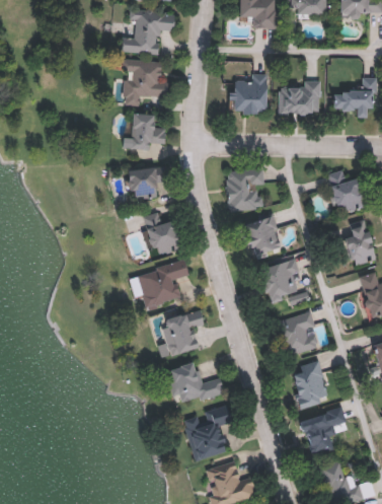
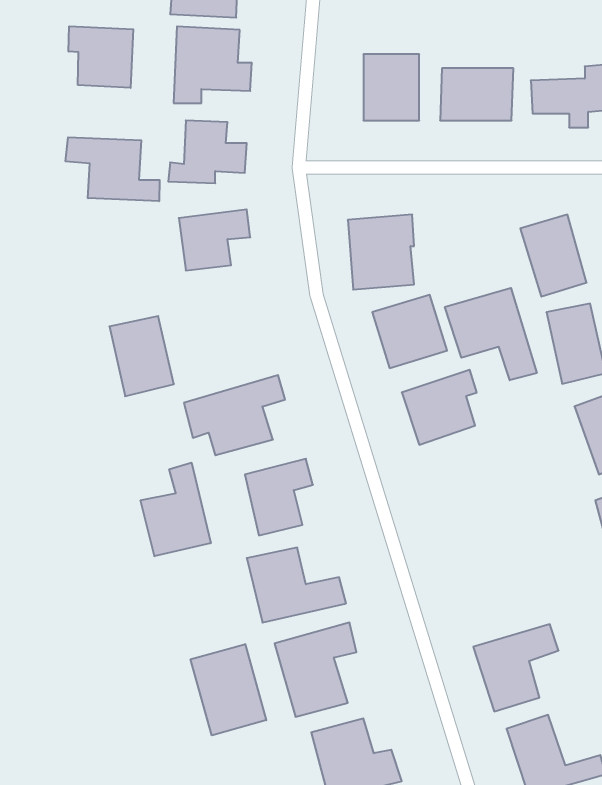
building: none -> [69,26,133,88]
building: none -> [66,137,160,201]
building: [142,211,179,258] -> [109,316,174,396]
building: none -> [445,288,537,380]
building: [276,311,322,358] -> none
building: none -> [141,463,211,556]
building: [286,360,330,410] -> none
building: none -> [191,644,266,735]

